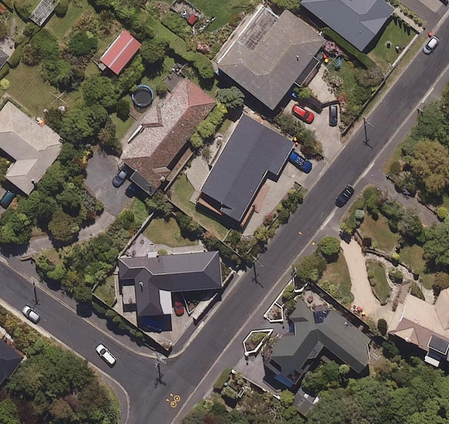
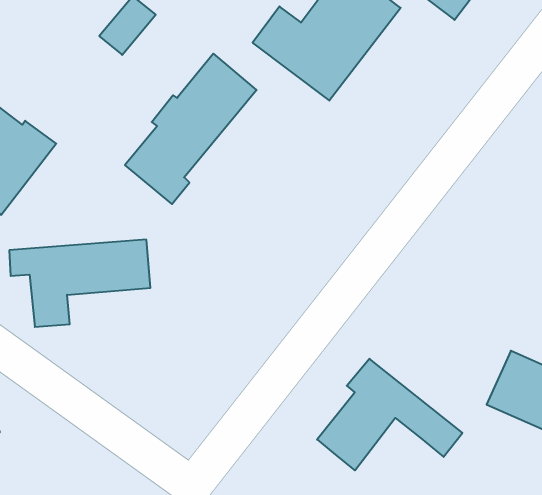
building: [197,111,297,223] -> none
building: [118,253,223,318] -> [9,240,150,327]

